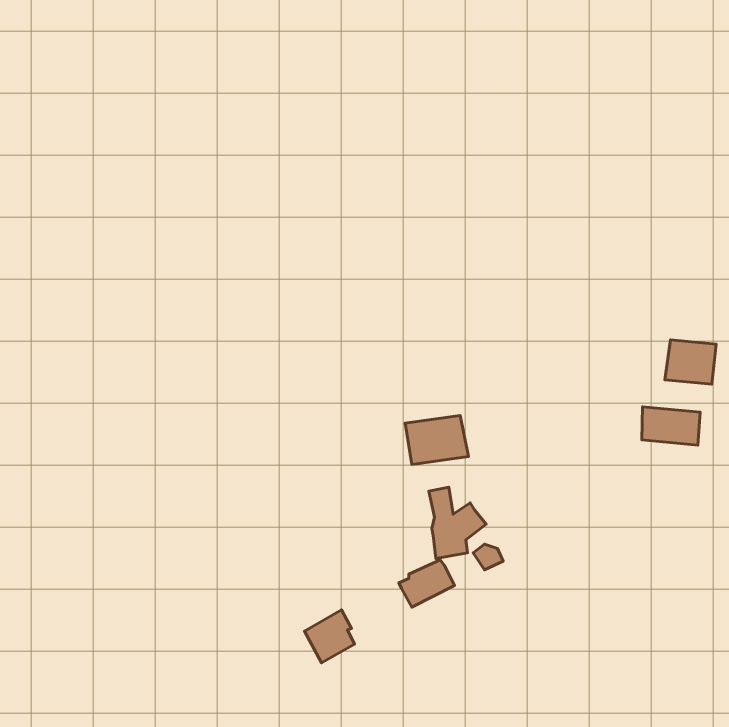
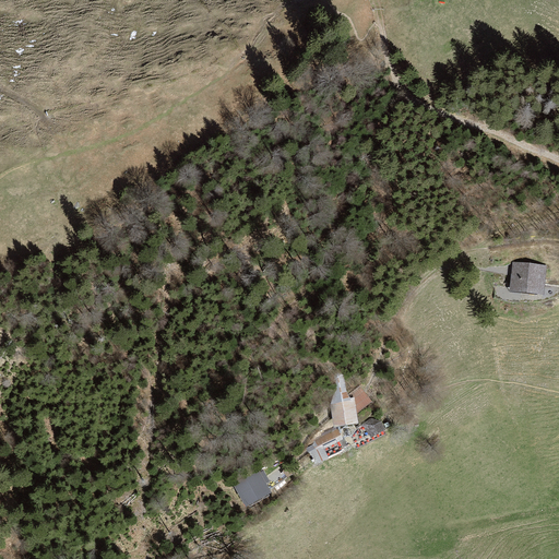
building: [642,407,700,445] -> none
building: [405,415,468,465] -> none

